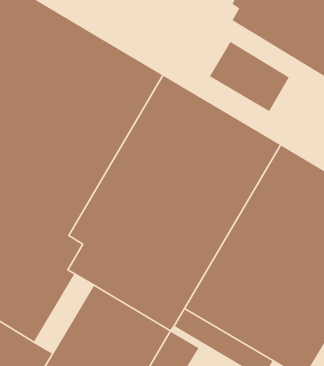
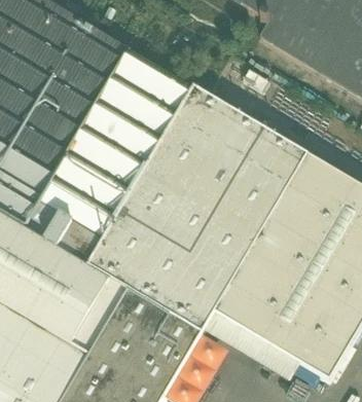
building: [209,41,290,112] -> none
building: none -> [70,277,126,353]

